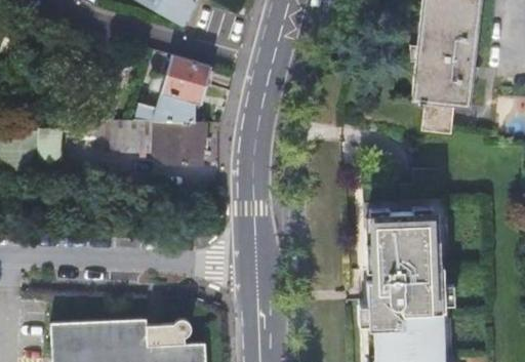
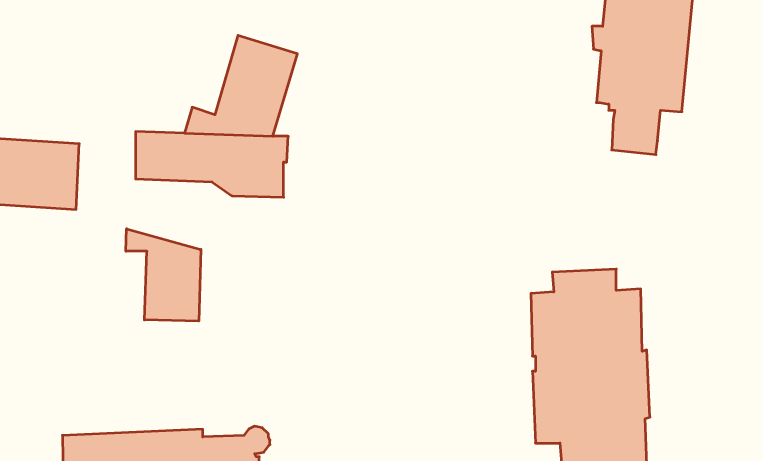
building: none -> [126,229,201,321]

